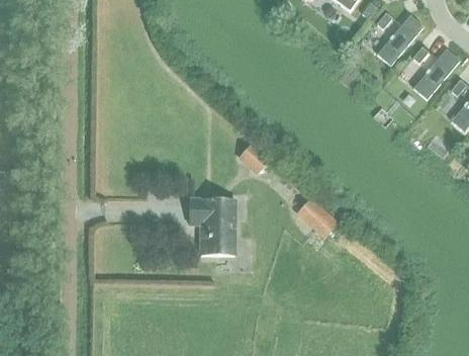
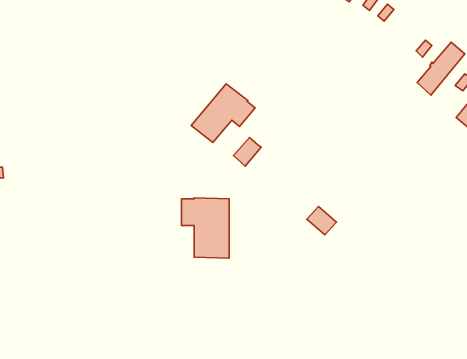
building: [376,14,424,65] -> none
building: none -> [191,84,255,143]

